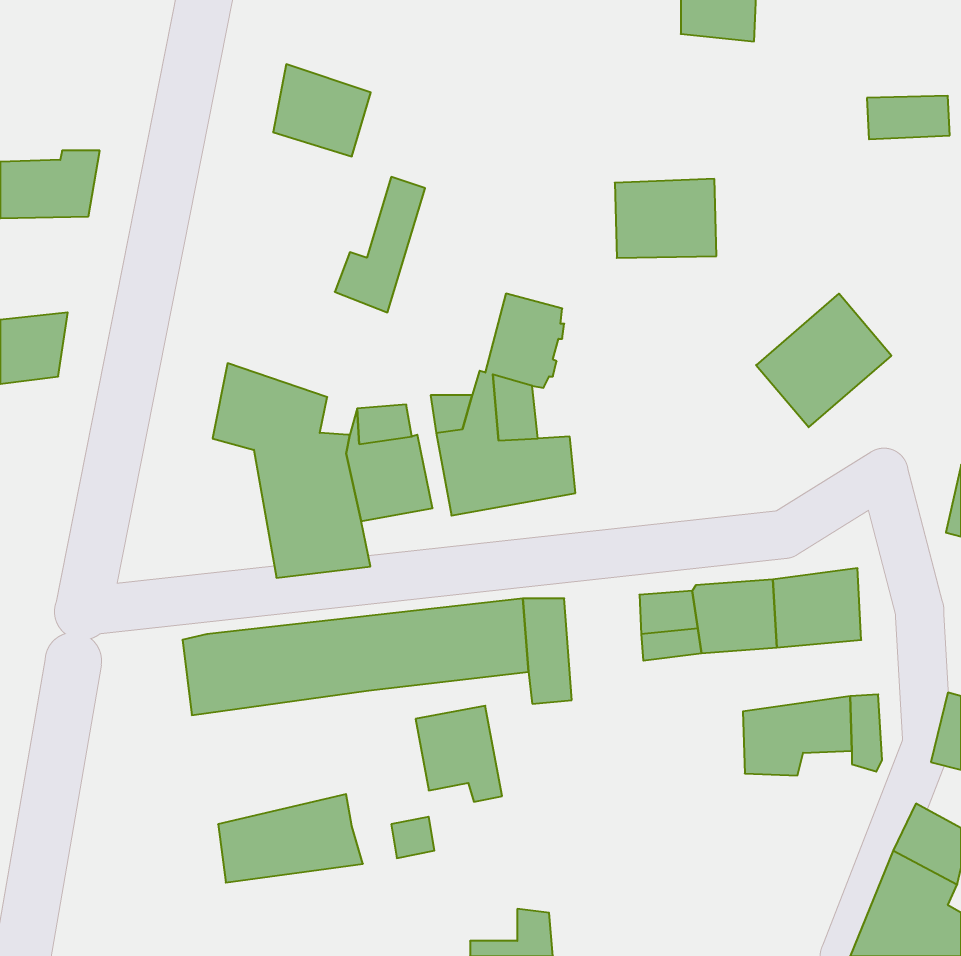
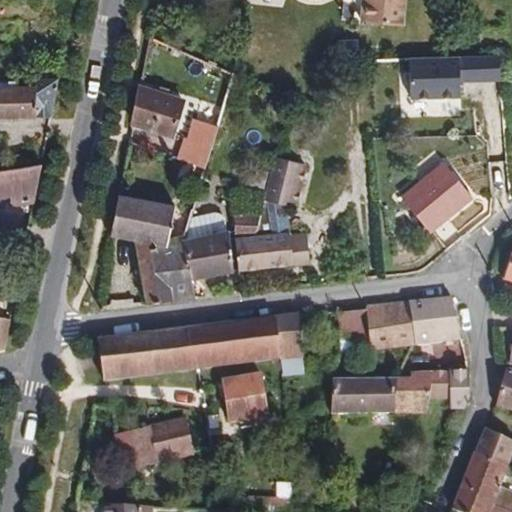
building: [273,64,371,156] -> [135,83,187,132]
building: [615,179,716,258] -> [408,52,462,94]
building: none -> [328,378,396,414]

